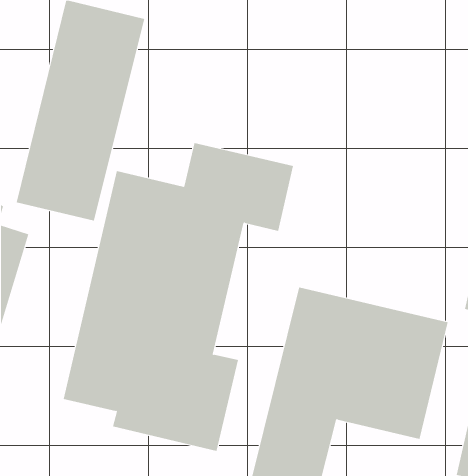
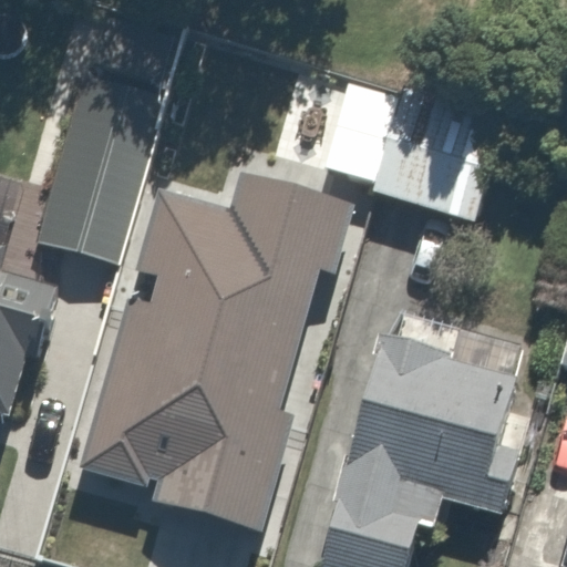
building: none -> [362,89,503,221]

